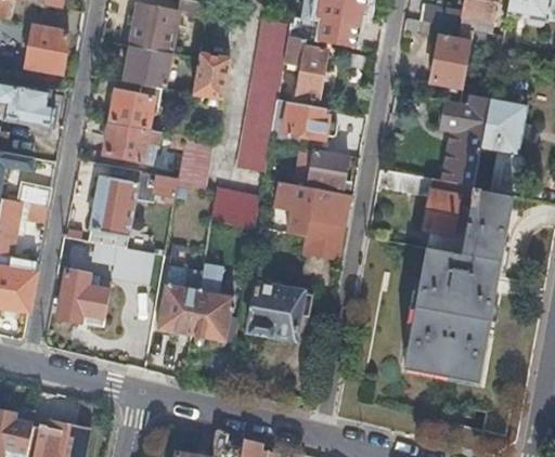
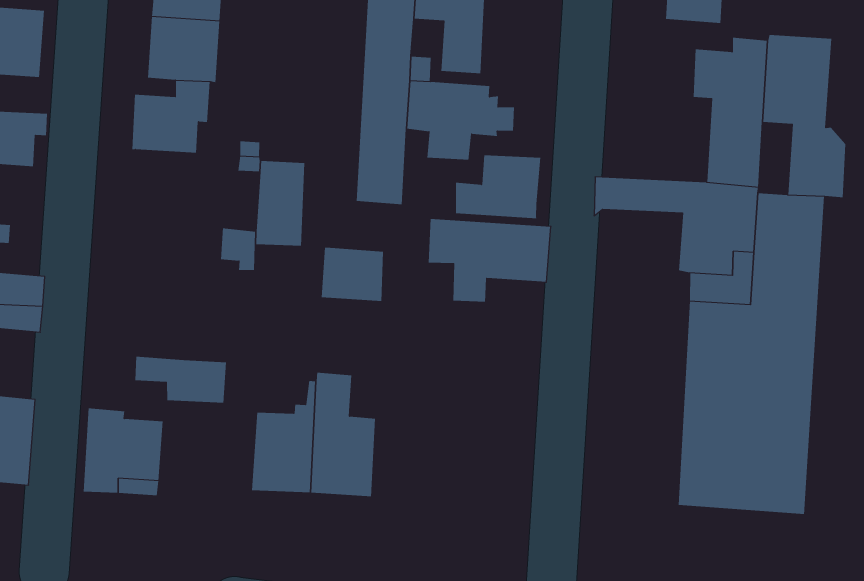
building: [193,53,230,99] -> none
building: [105,121,157,161] -> none
building: [89,174,138,248] -> none
building: [304,221,344,258] -> none
building: [249,284,313,340] -> none

